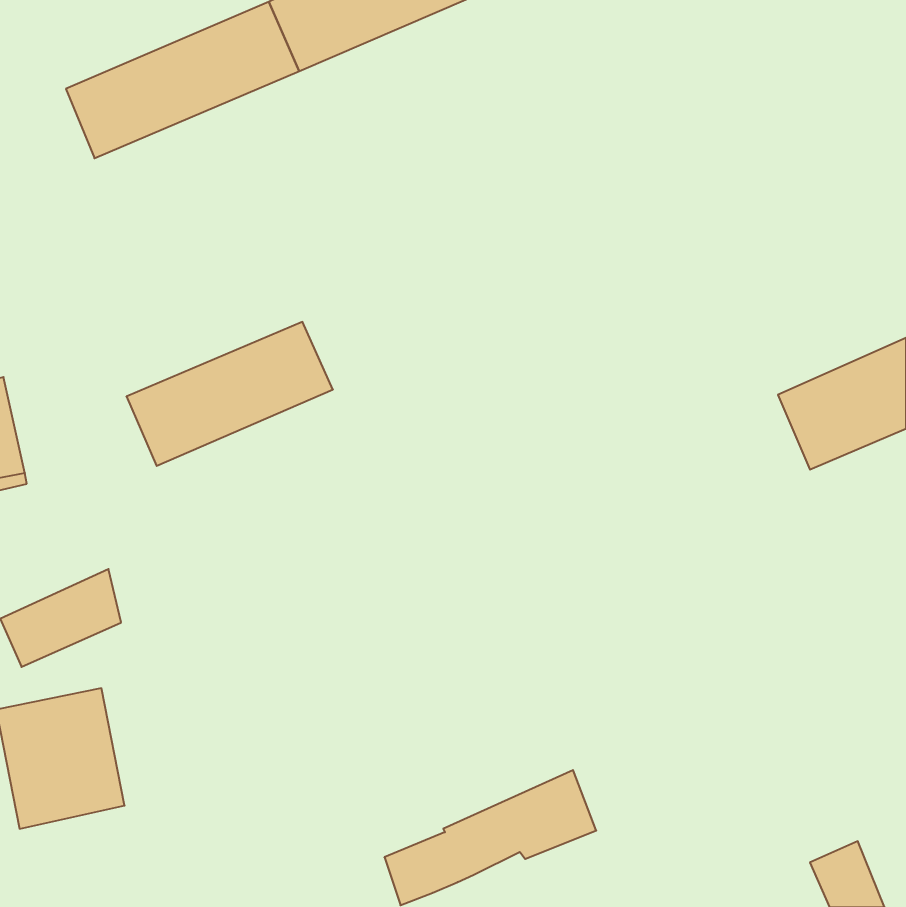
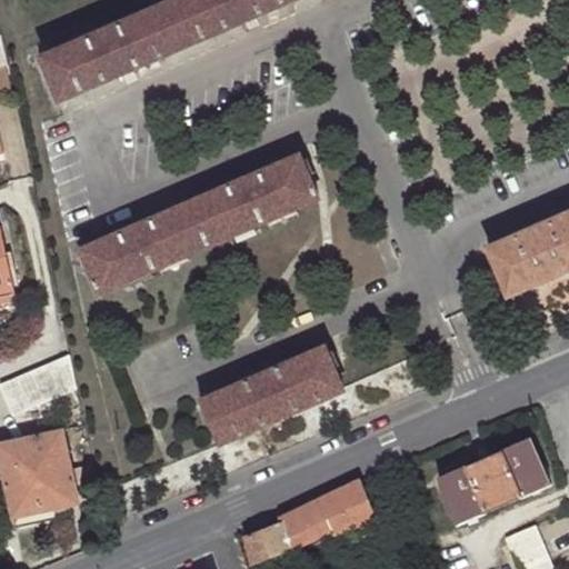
building: none -> [189,153,317,243]
building: none -> [201,346,341,441]
building: none -> [438,439,548,525]

